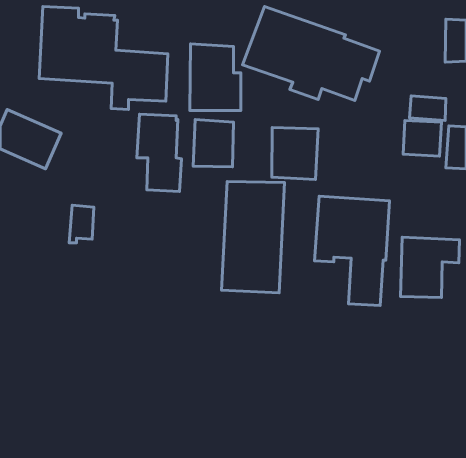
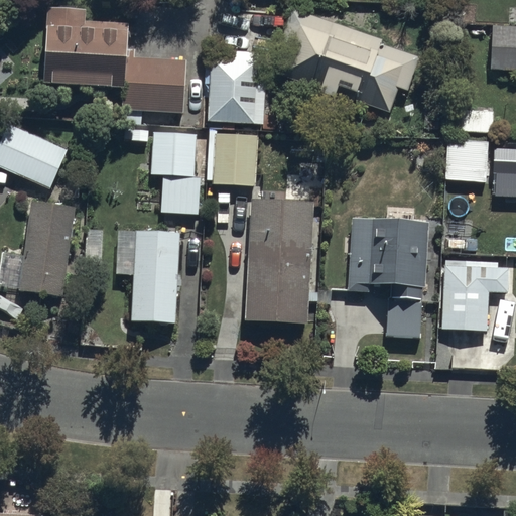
building: [272,128,318,179] -> none
building: none -> [5,204,74,298]
building: none -> [116,231,179,324]

